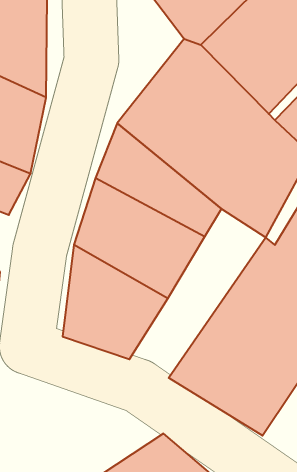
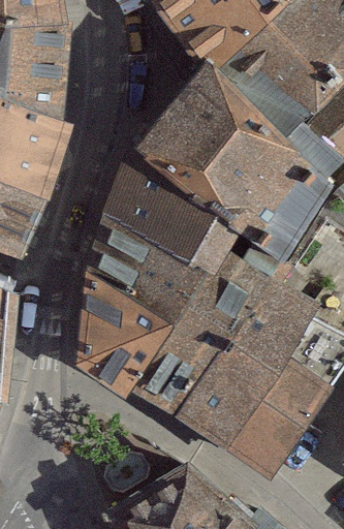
building: none -> [142,241,278,410]

